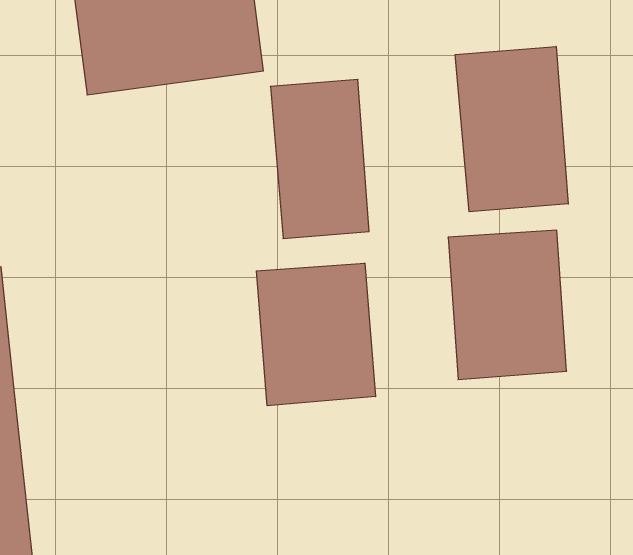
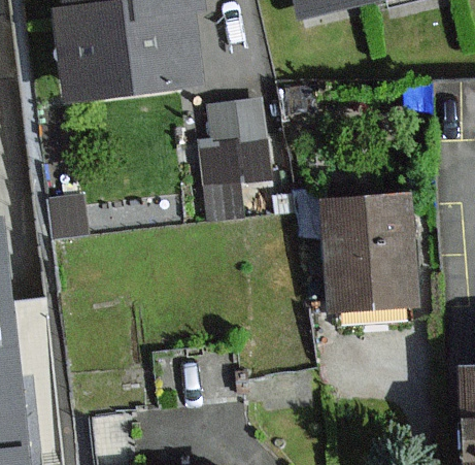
building: [455,46,568,212] -> none
building: [256,263,376,406] -> none

